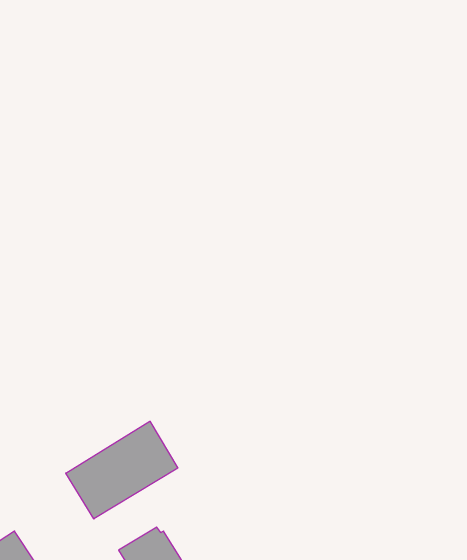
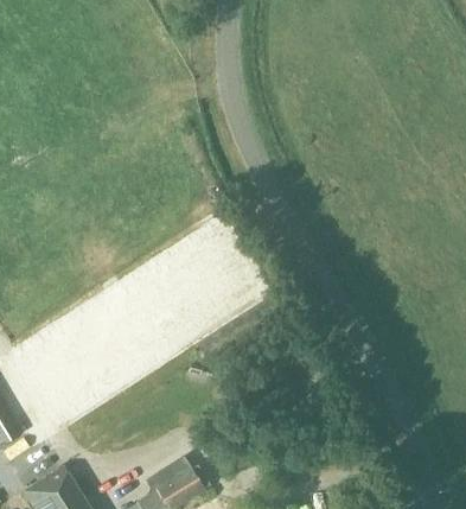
building: [66,421,178,519] -> none

